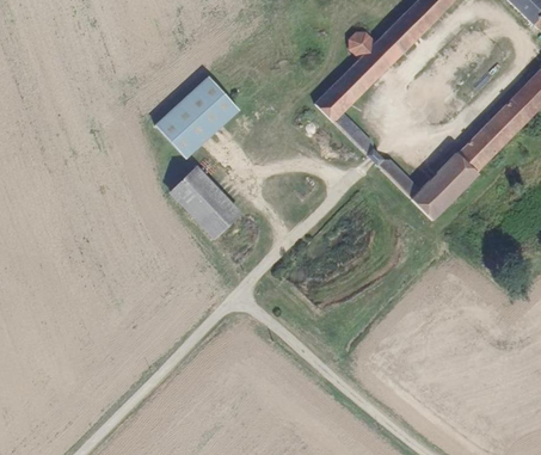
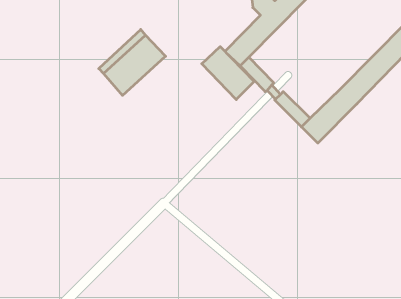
building: none -> [202,47,254,100]
building: [173,168,240,238] -> none

